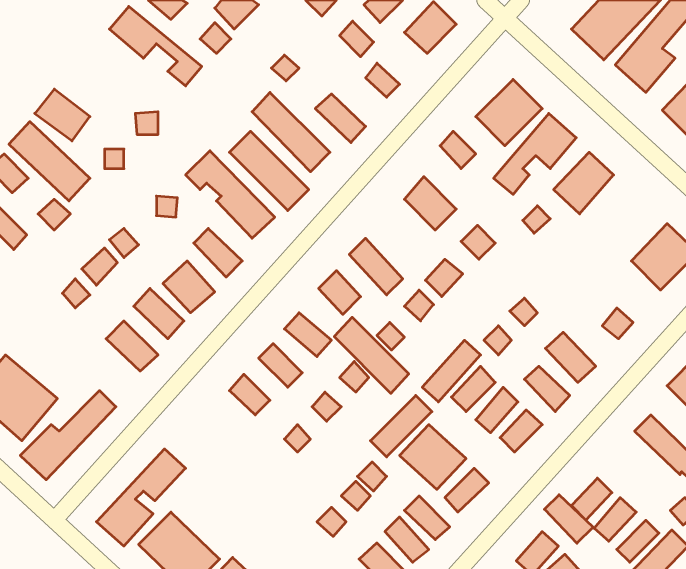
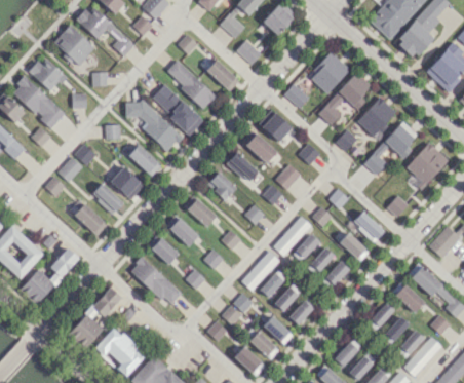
building: none -> [54,27,94,65]
building: none -> [364,121,419,176]
building: none -> [247,135,277,164]
building: [334,317,409,393] -> [131,257,179,305]
building: [544,495,593,543] -> [394,283,425,314]

